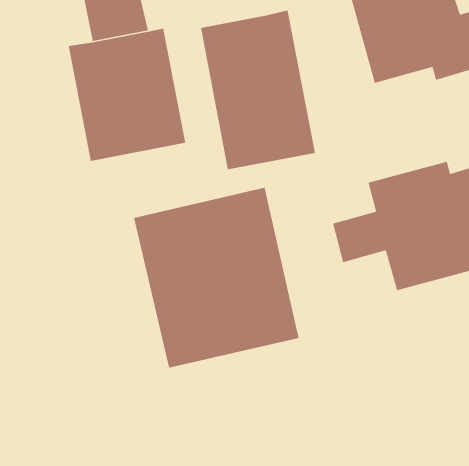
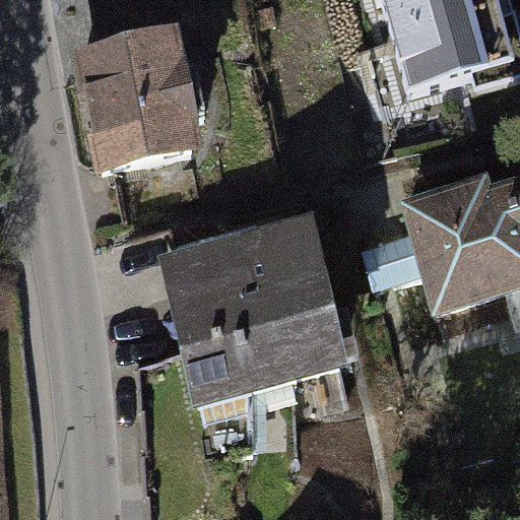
building: [200,10,316,170] -> none

